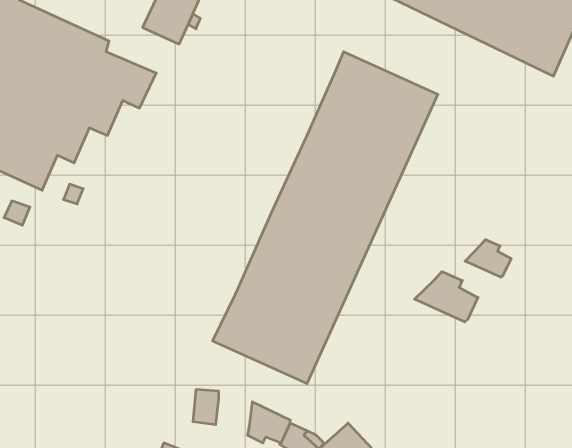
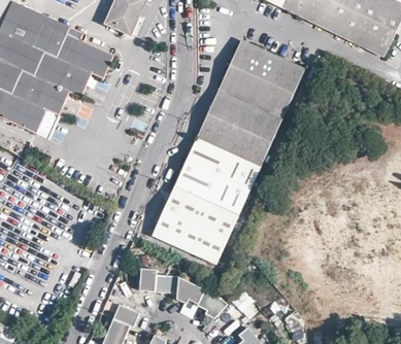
building: [465,240,511,277] -> none
building: [415,272,478,322] -> none
building: none -> [154,274,178,293]

